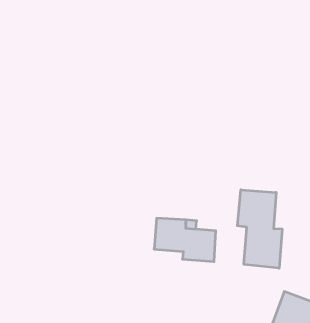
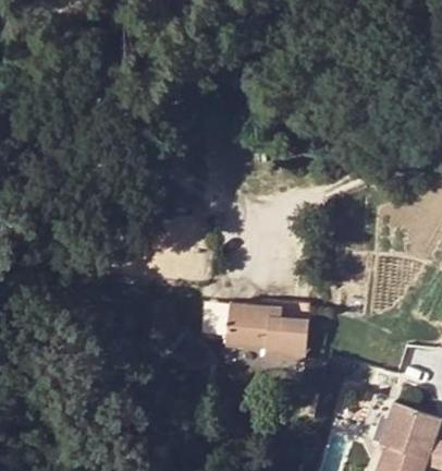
building: [237,190,282,268] -> none

